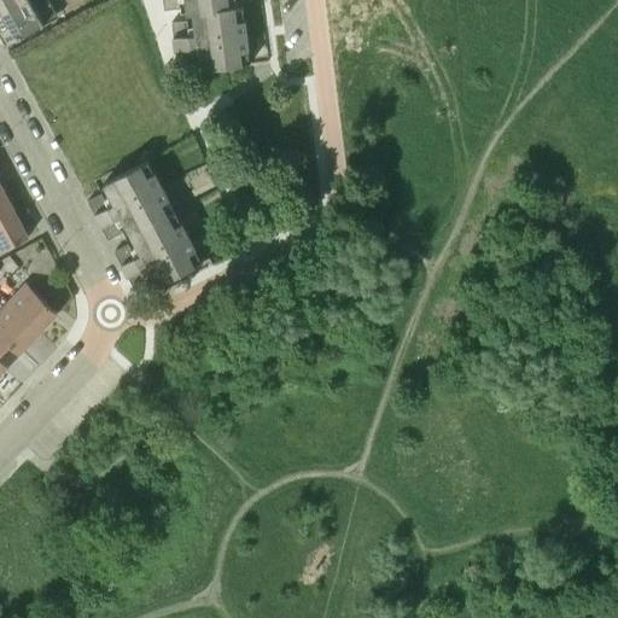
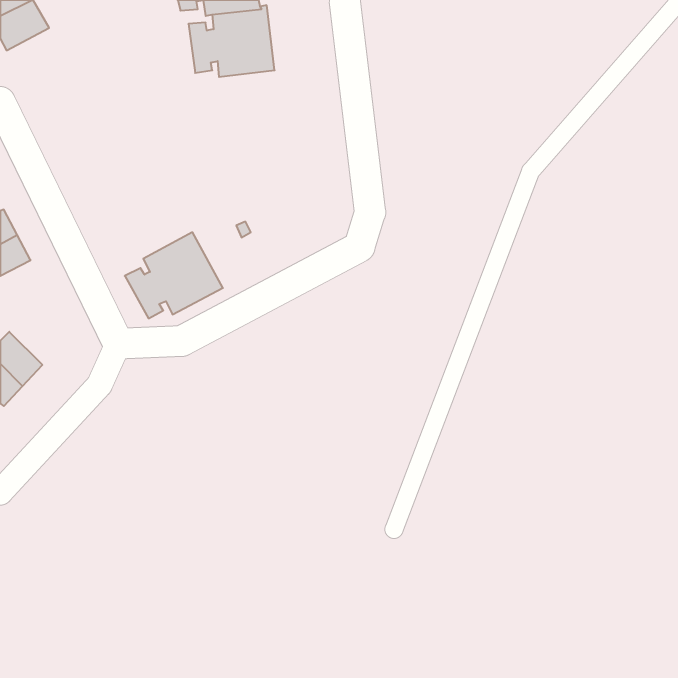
building: [87,161,175,240] -> none
building: [8,282,57,332] -> none

